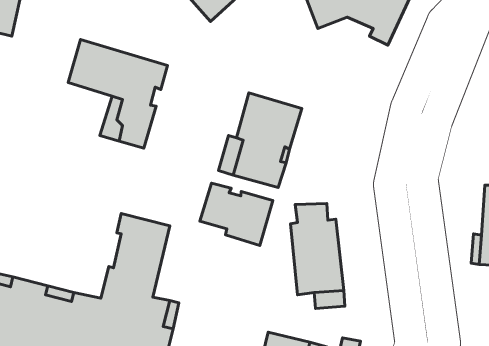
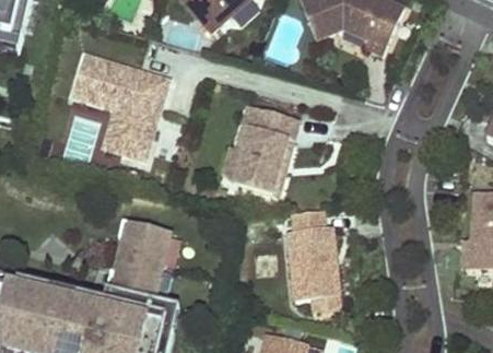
building: [200,183,273,245] -> none

